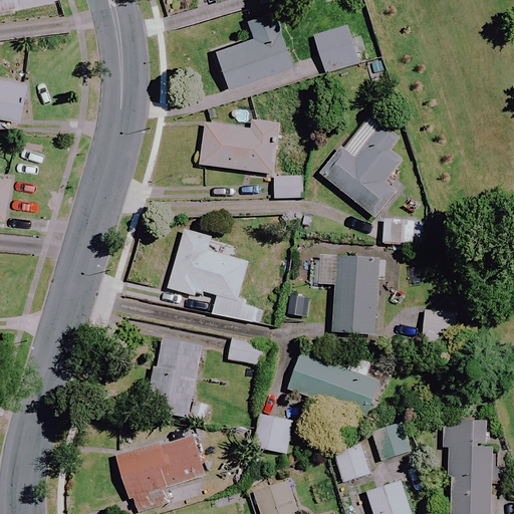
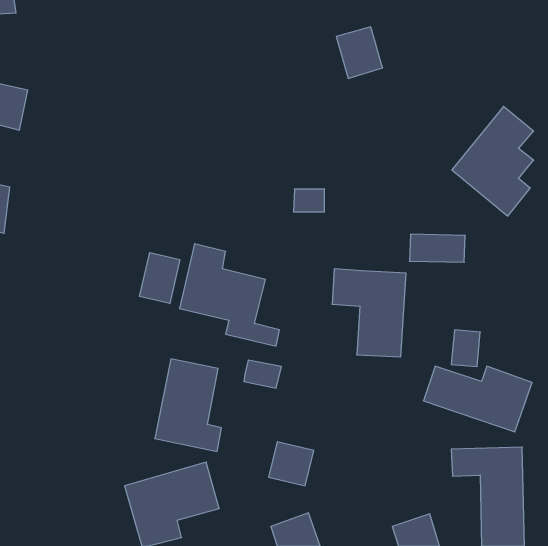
building: [214,10,290,88] -> none
building: [322,115,399,218] -> [452,106,534,216]
building: [200,119,279,174] -> none
building: none -> [140,253,180,304]
building: [287,354,389,416] -> [423,366,532,432]
building: [371,421,409,460] -> none
building: [333,443,369,481] -> none

